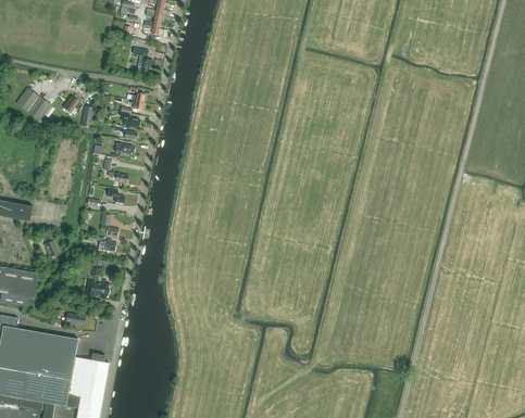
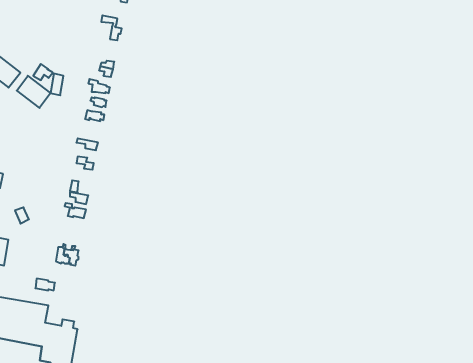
building: none -> [17,76,51,108]

